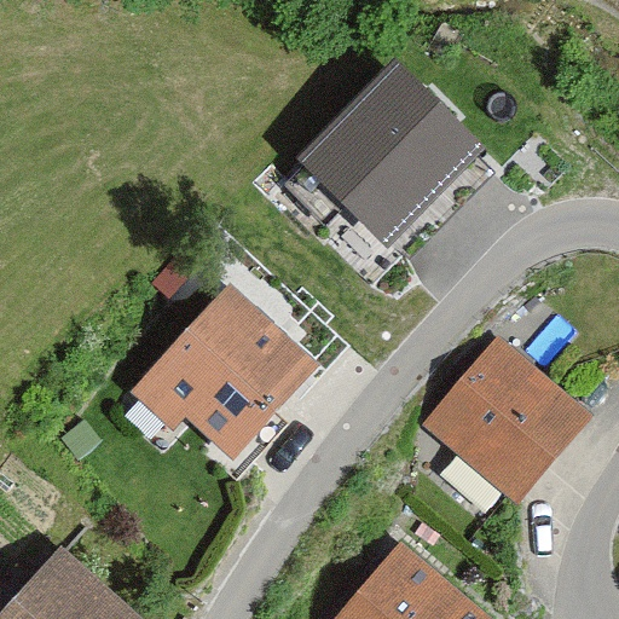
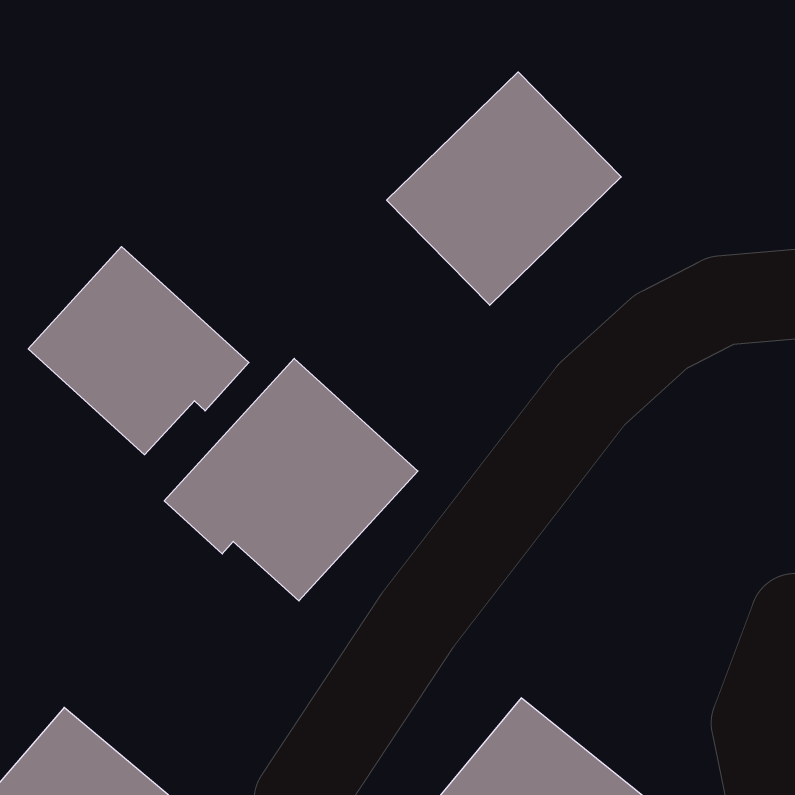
building: none -> [28,247,249,455]
building: [428,341,590,502] -> none

